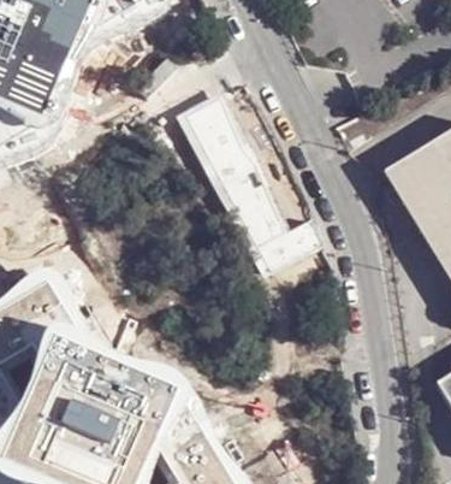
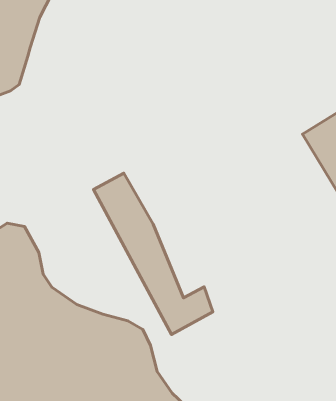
building: [186,89,319,268] -> [93,173,213,335]

